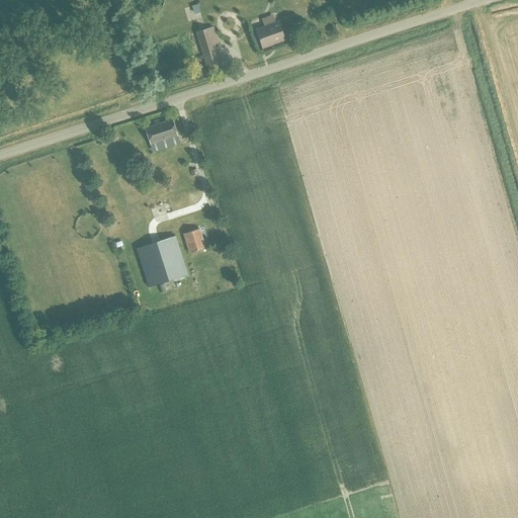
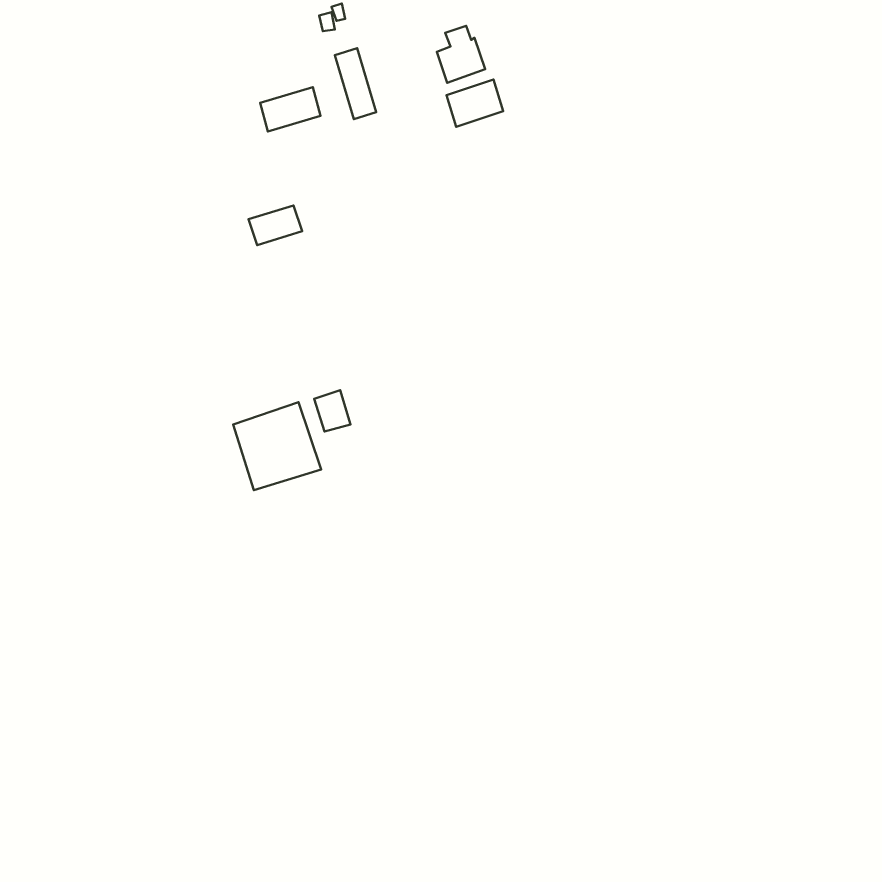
building: none -> [446,80,503,127]
building: none -> [260,87,321,132]

